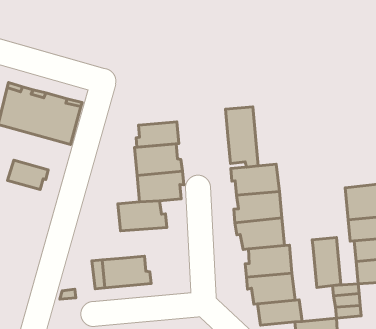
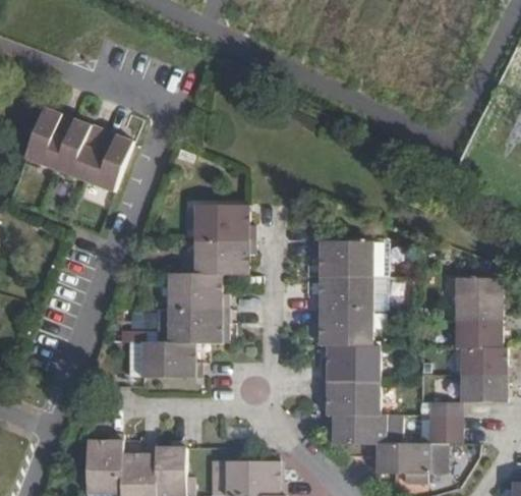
building: [225,107,258,167] -> none
building: [136,122,179,147] -> none
building: [8,160,48,190] -> none
building: none -> [167,308,226,343]
building: [312,238,341,288] -> none

